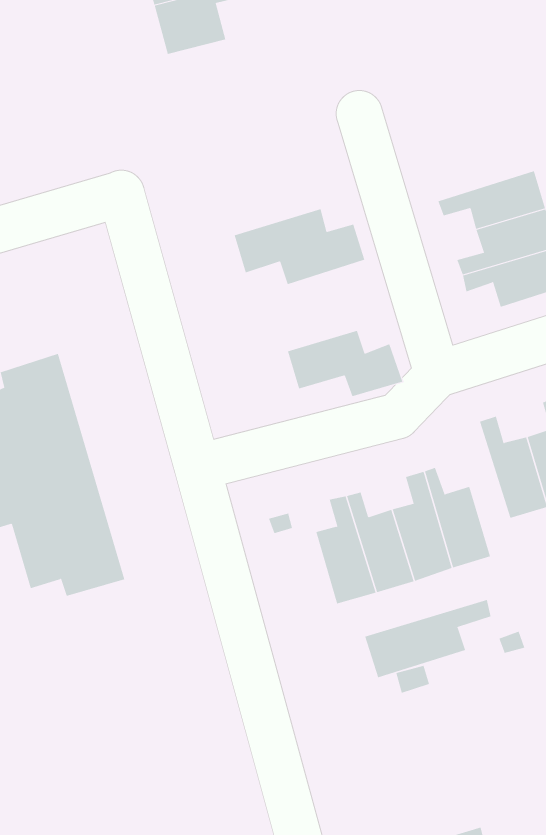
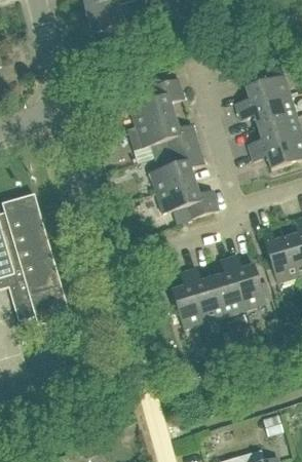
building: none -> [235,74,290,111]
building: none -> [126,77,184,129]
building: none -> [149,143,204,192]
building: [365,599,491,678] -> none

